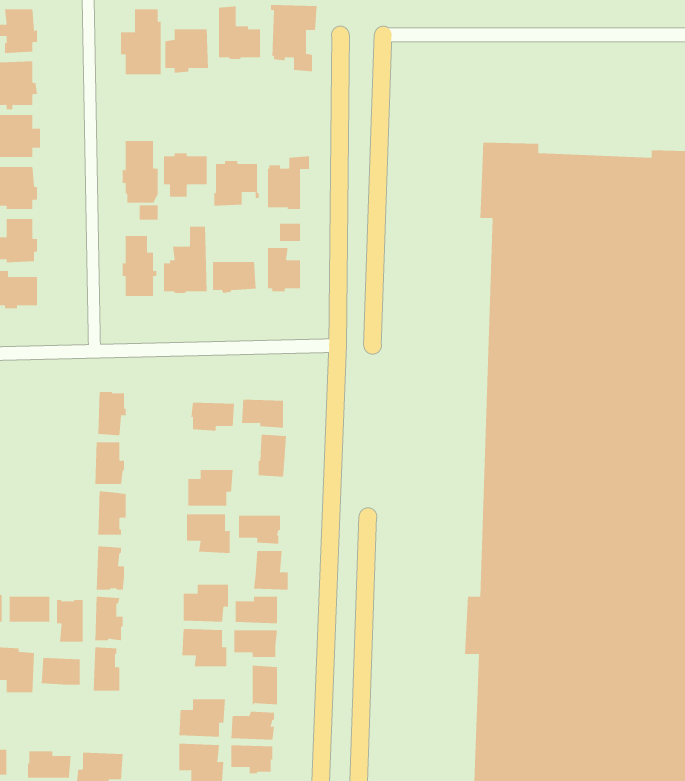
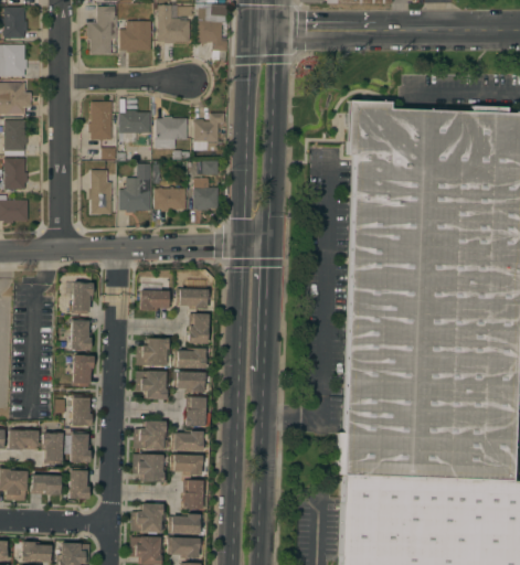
building: none -> [174,349,205,369]

